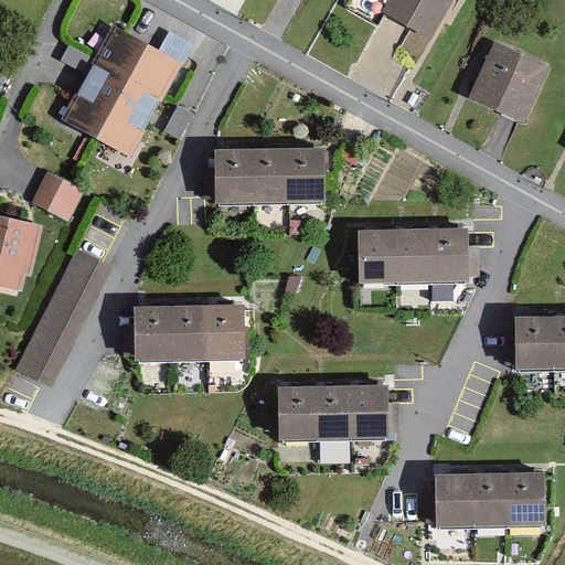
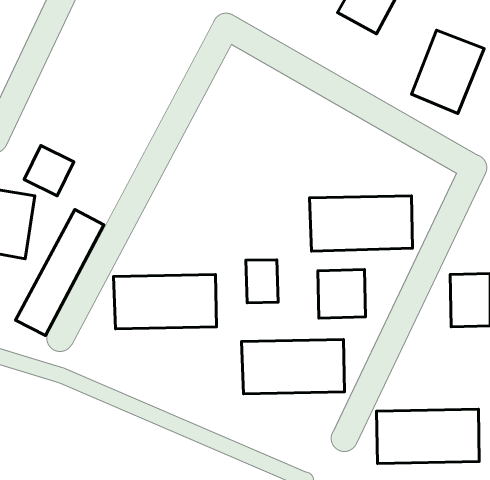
building: [57,22,184,166] -> none
building: [211,150,328,213] -> none
building: none -> [246,260,278,303]
building: none -> [318,269,365,318]

